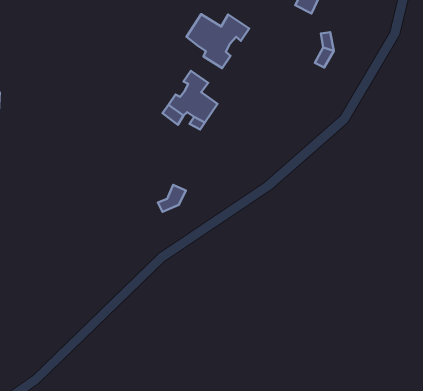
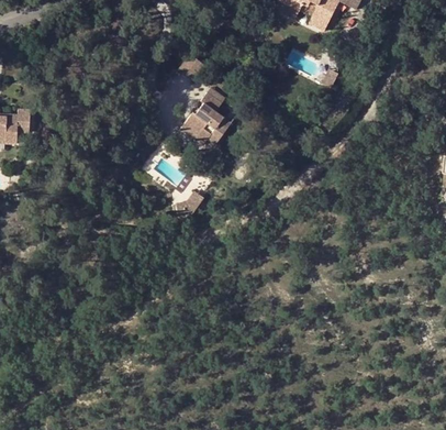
building: [186,14,249,68] -> none

